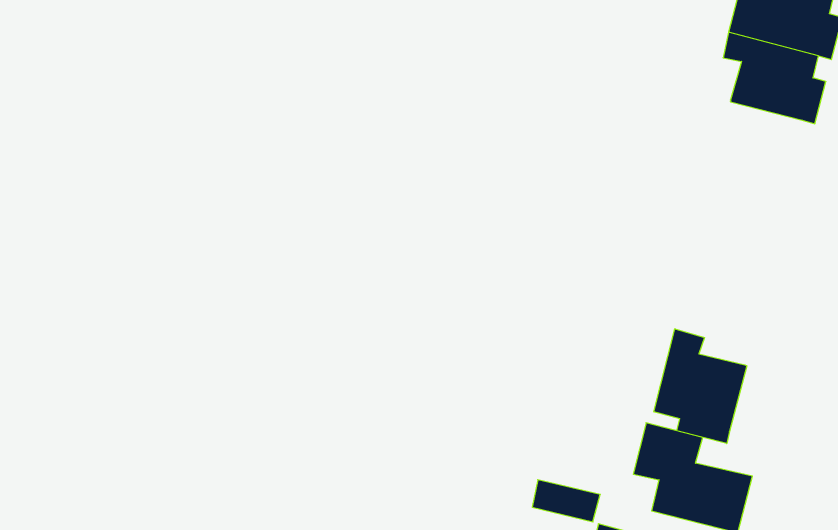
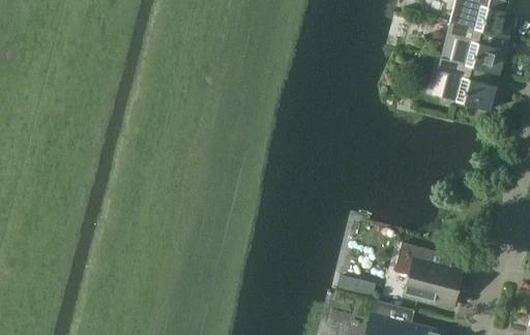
building: none -> [430,59,495,111]
building: [654,329,747,444] -> none

